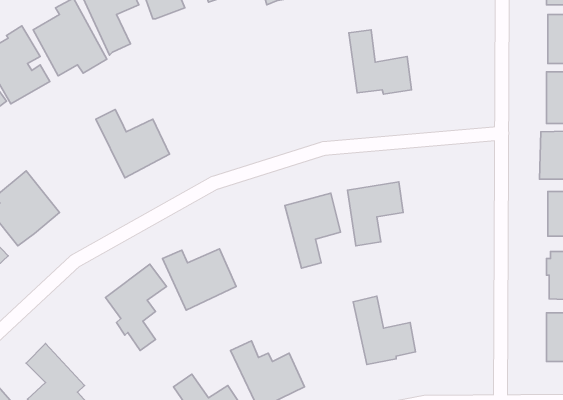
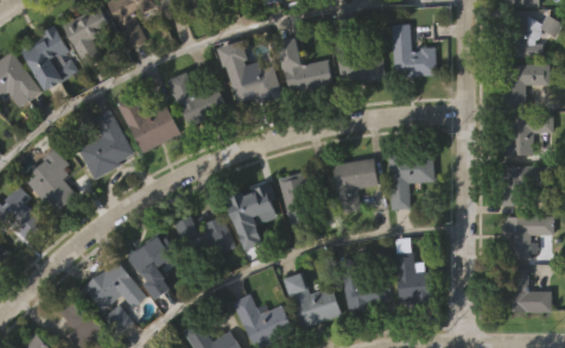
building: none -> [391,24,436,77]
building: none -> [277,38,332,94]
building: none -> [222,45,281,103]
building: none -> [166,71,228,128]
building: none -> [78,109,133,179]
building: none -> [388,153,433,210]
building: none -> [226,186,273,247]
building: none -> [393,252,433,305]
building: none -> [83,260,146,310]
building: none -> [284,273,341,329]

